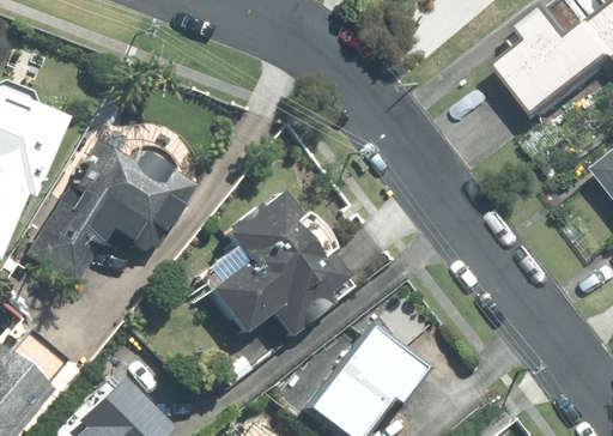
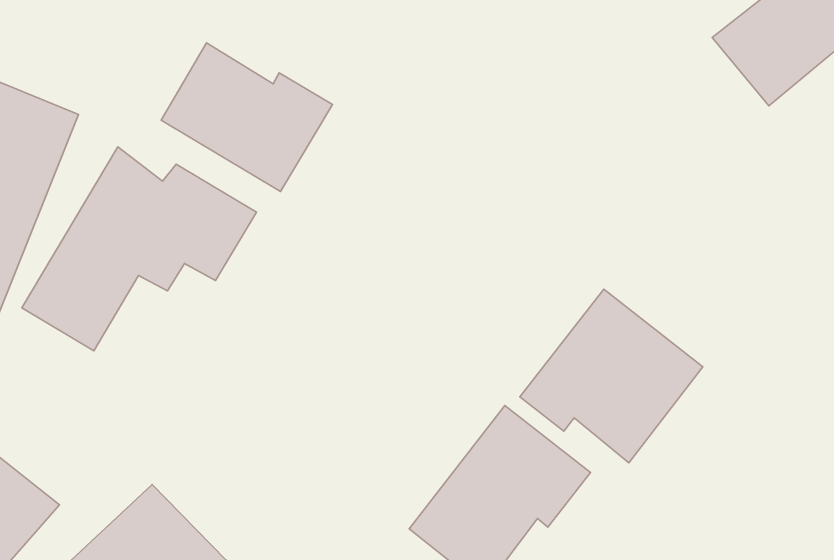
building: none -> [161,43,332,192]
building: [207,192,359,340] -> none
building: none -> [520,289,703,463]

